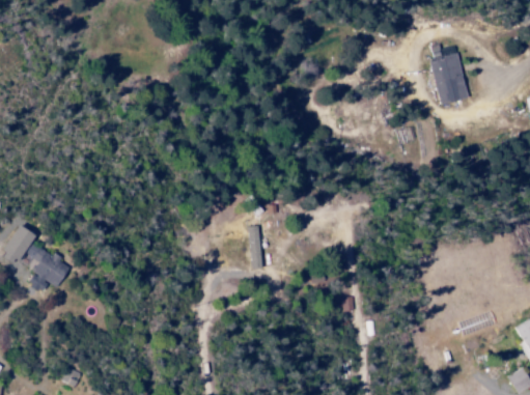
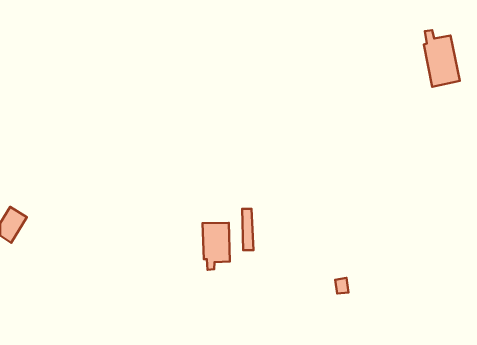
building: none -> [203,223,230,270]
building: [25,241,69,291] -> none

